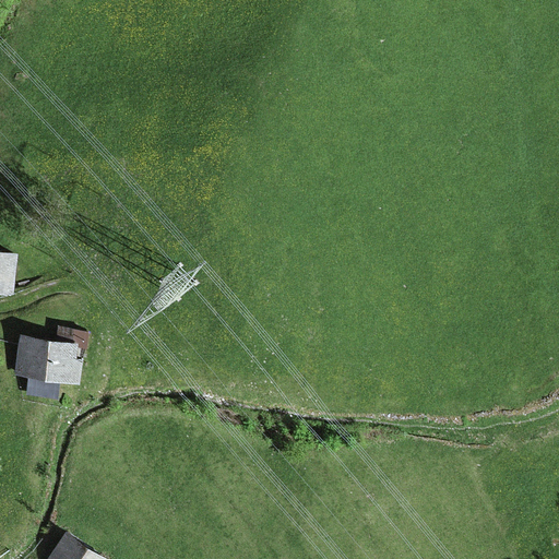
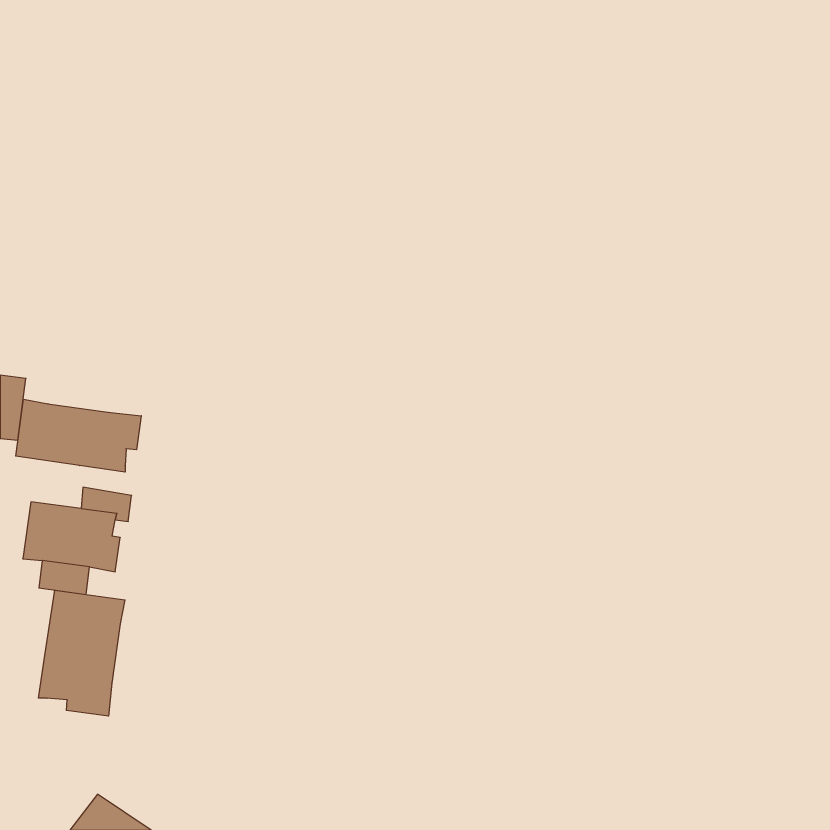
building: none -> [16,399,141,472]
building: none -> [39,590,125,716]

